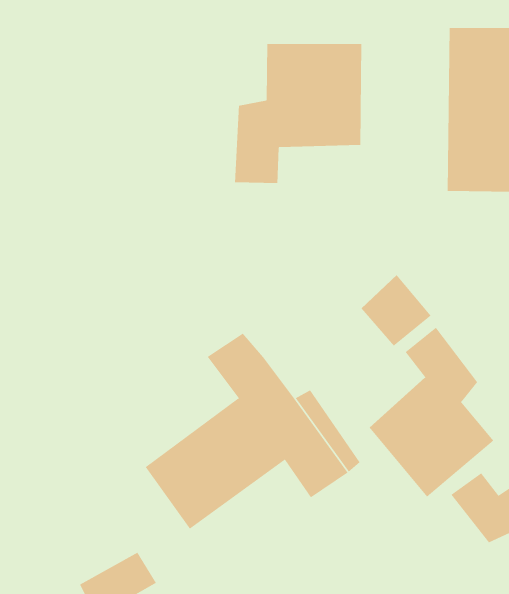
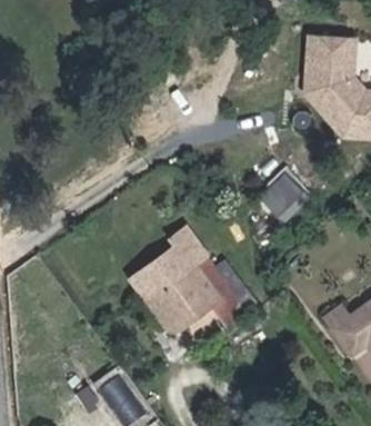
building: [234,43,362,184] -> none
building: [369,327,494,497] -> none

